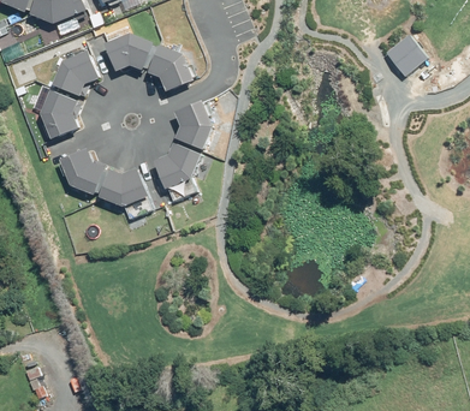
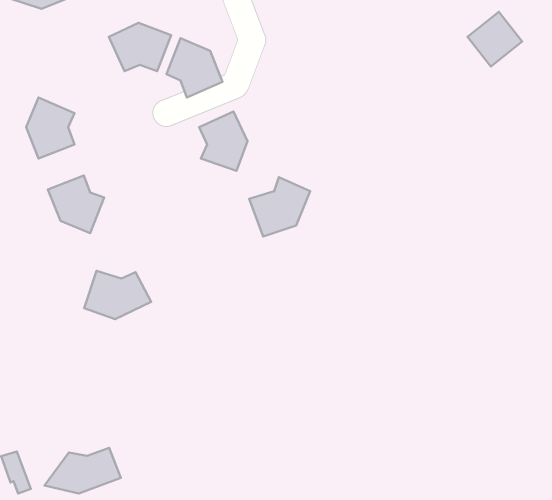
building: [54,50,99,95] -> none
building: [153,142,200,187] -> [249,177,310,236]
building: [96,169,148,207] -> [84,271,151,319]
building: none -> [44,448,121,494]

